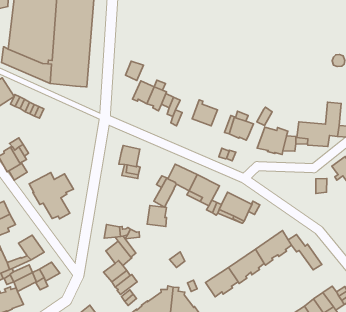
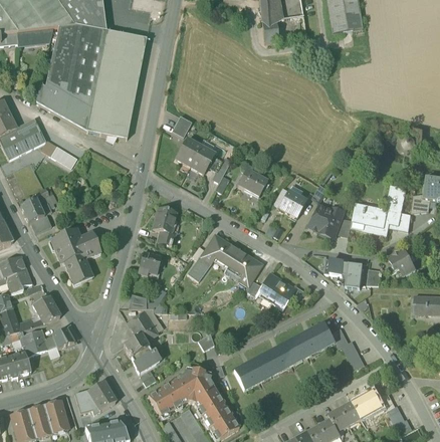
building: none -> [329,258,363,287]
building: [147,206,167,227] -> [138,252,161,277]

